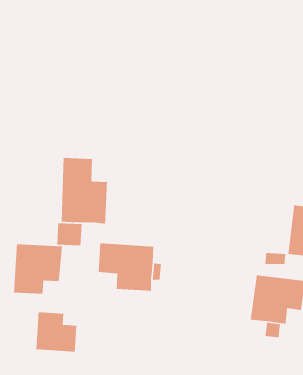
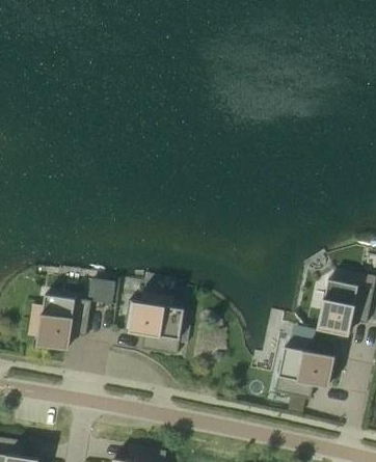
building: [61,157,108,224] -> none
building: [36,312,77,352] -> none

